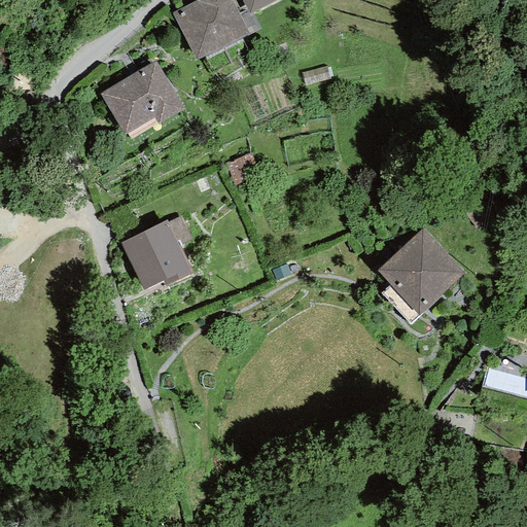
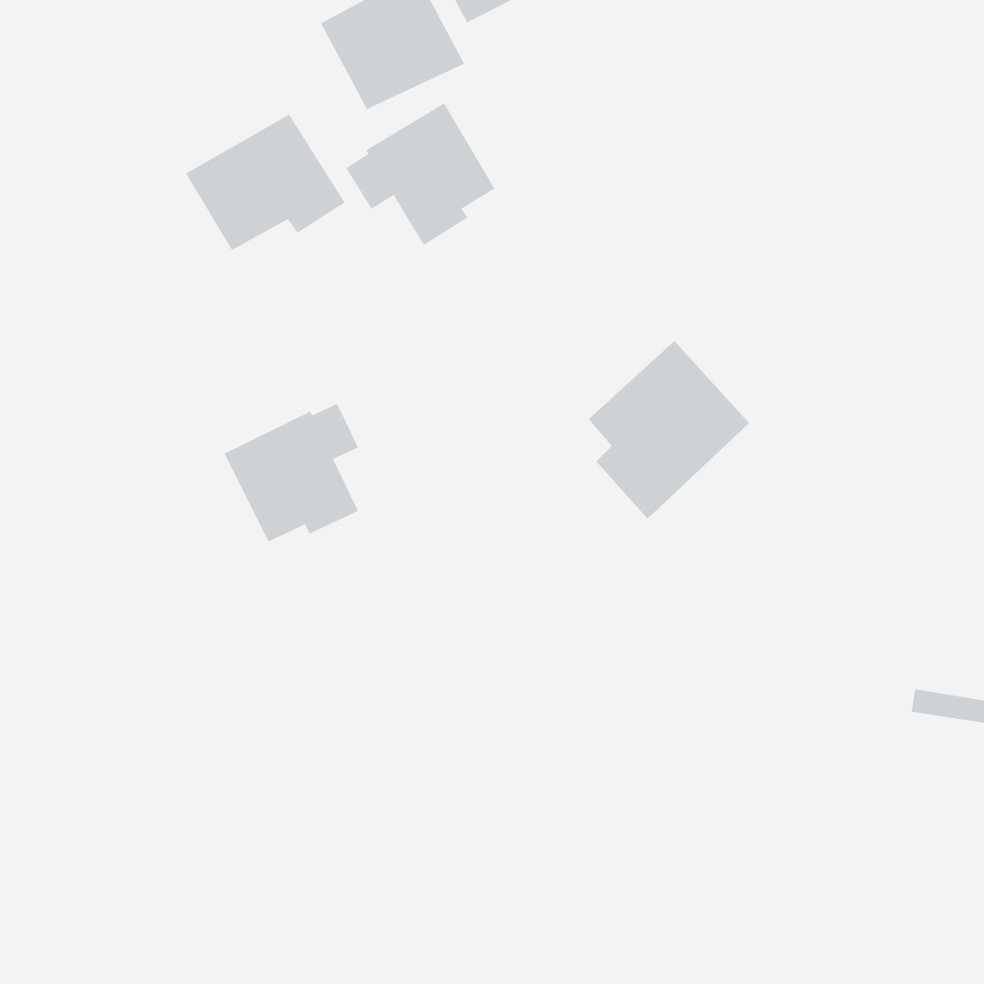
building: none -> [346,103,495,246]
building: [378,227,464,323] -> [588,340,750,519]

